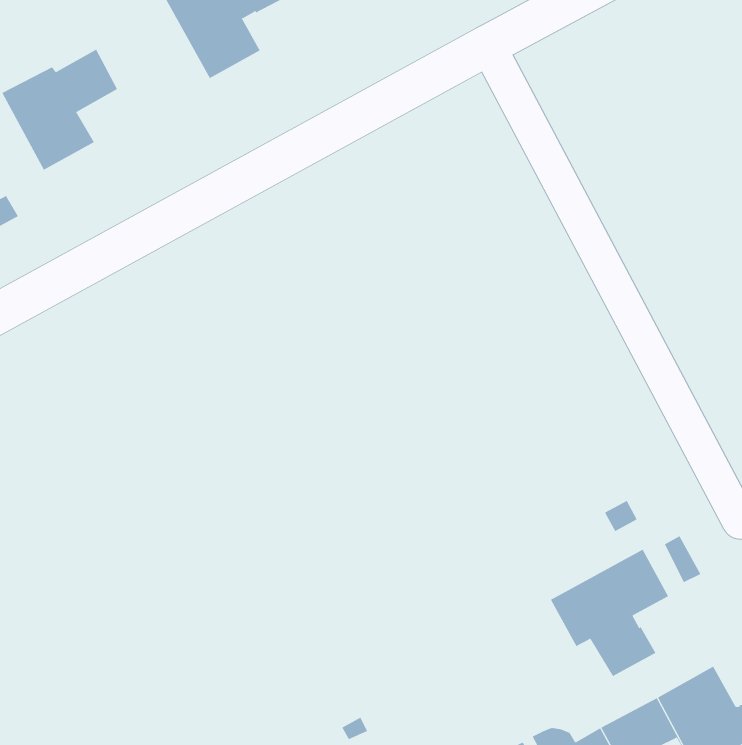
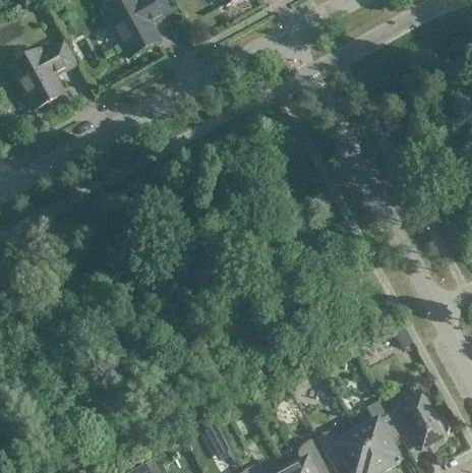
building: [550,549,669,677] -> none

